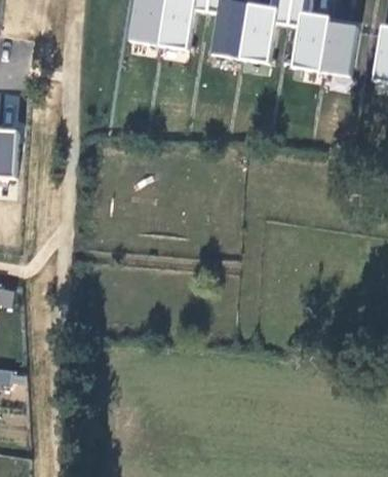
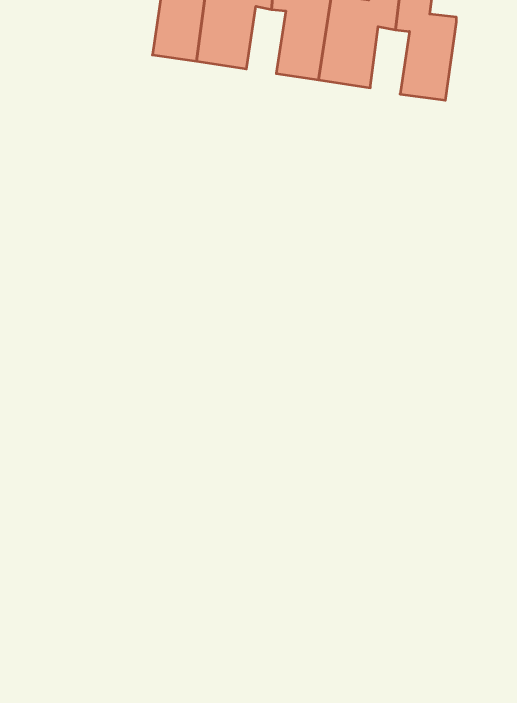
building: [320,17,355,73] -> none

